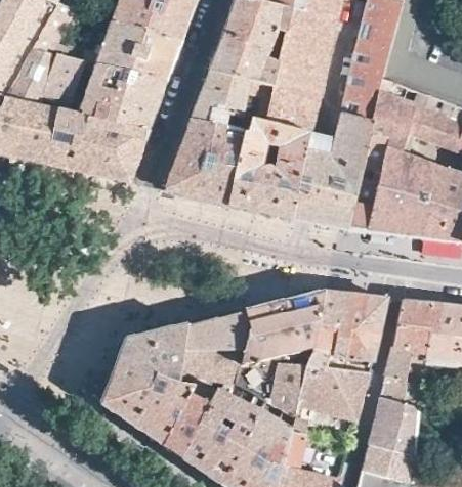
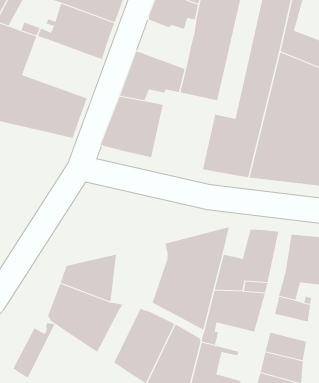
building: [209,37,276,97] -> none
building: [78,61,168,133] -> none
building: [228,123,309,220] -> none
building: [316,290,348,328] -> none
building: [179,310,247,393] -> none
building: [162,387,214,455] -> [12,322,55,379]
building: [373,396,420,430] -> none

